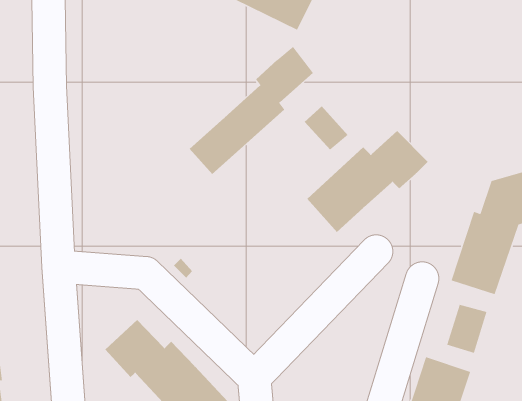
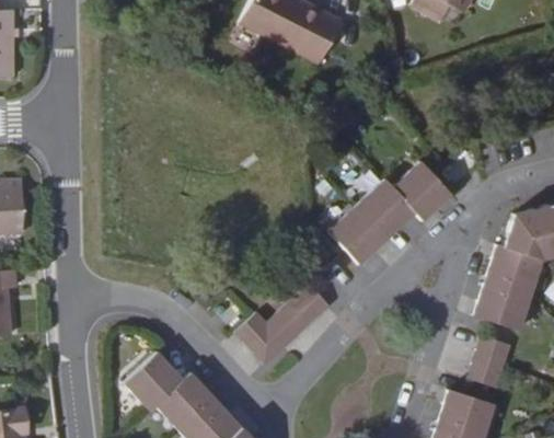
building: [189,46,314,175] -> none
building: [304,106,349,151] -> none
building: none -> [236,287,331,367]

